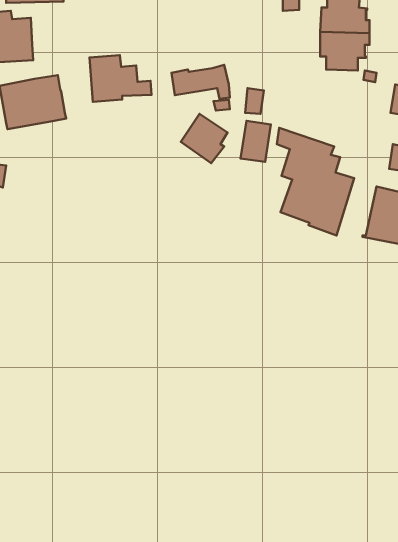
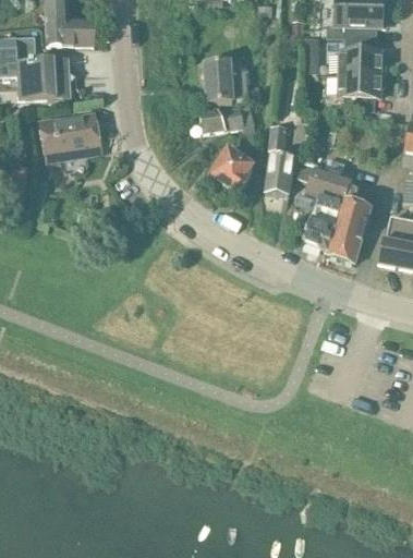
building: [89,55,152,102] -> [203,59,260,102]

